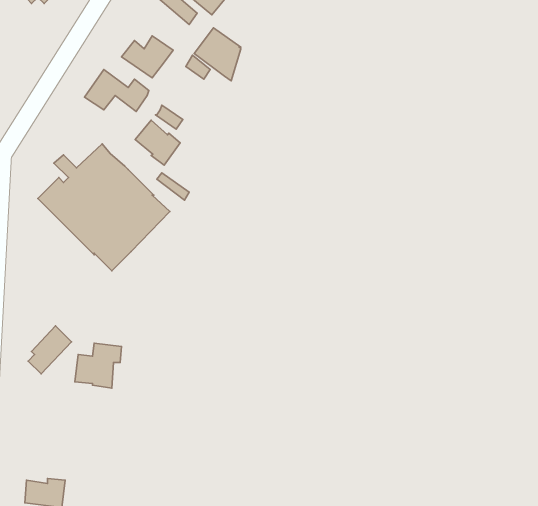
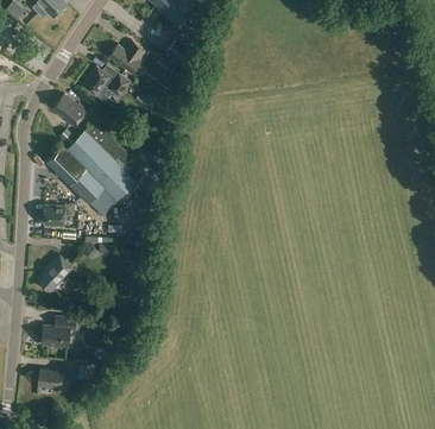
building: [135,120,180,165] -> [53,93,87,126]
building: none -> [44,202,75,225]
building: [75,343,122,388] -> [42,315,76,348]

